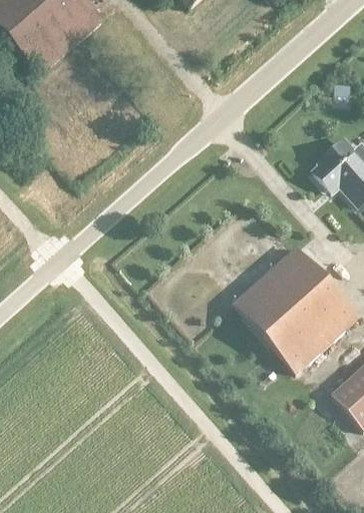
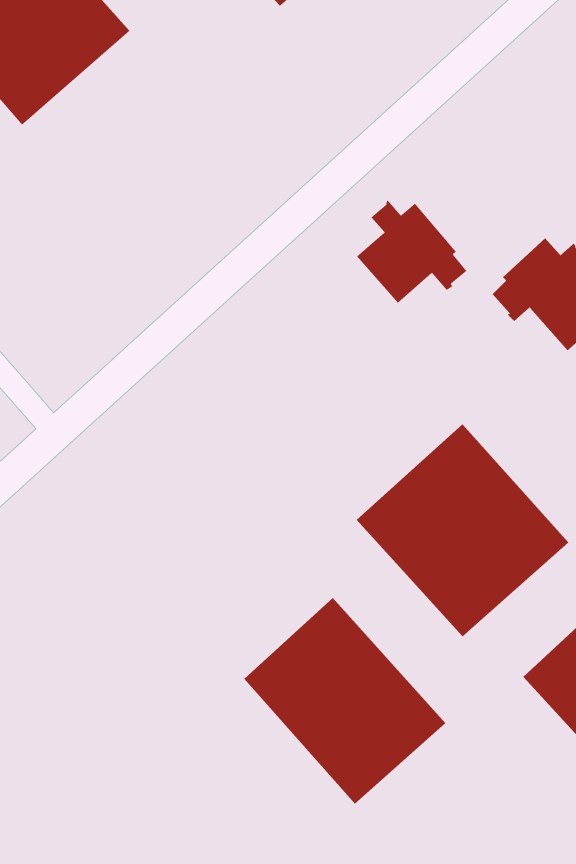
building: none -> [356,200,467,304]
building: none -> [243,597,446,805]

